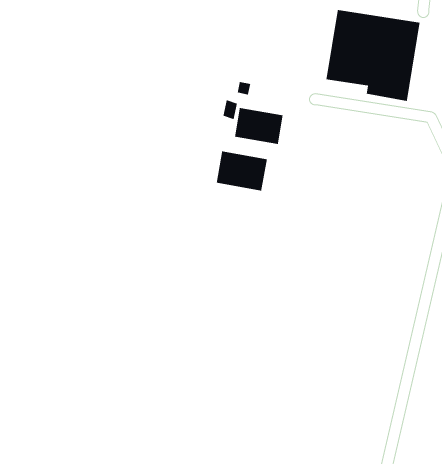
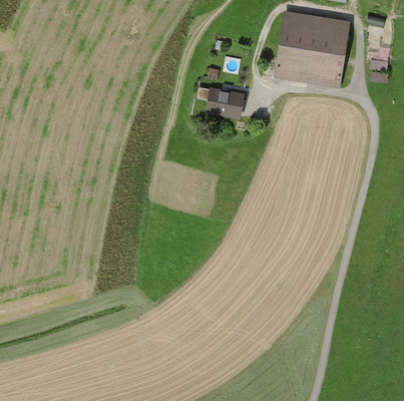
building: [216,151,268,191] -> none

